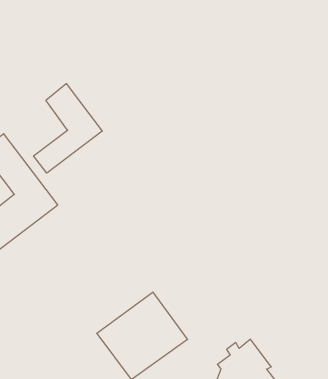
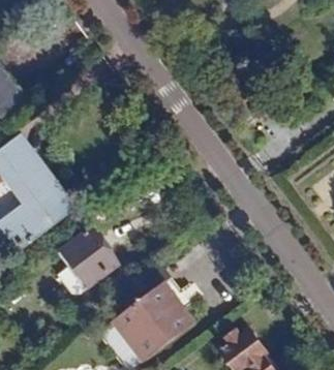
building: [34,84,102,173] -> none
building: none -> [61,225,120,287]

